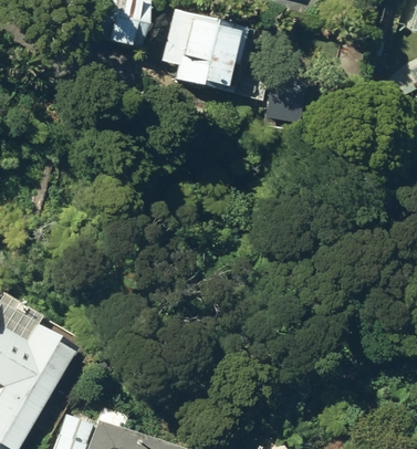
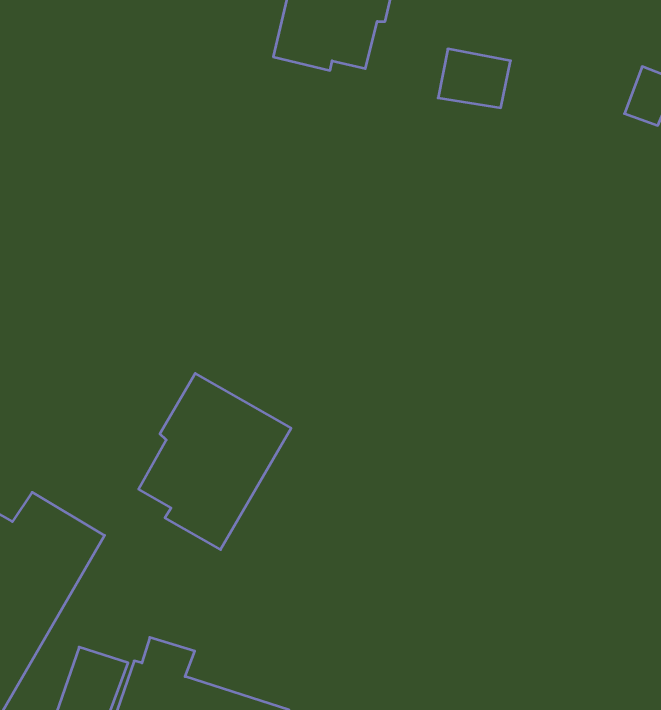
building: none -> [139,373,291,550]

